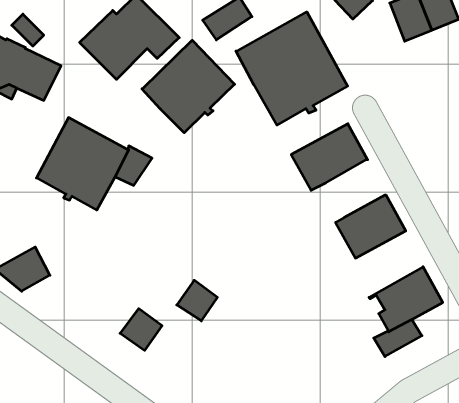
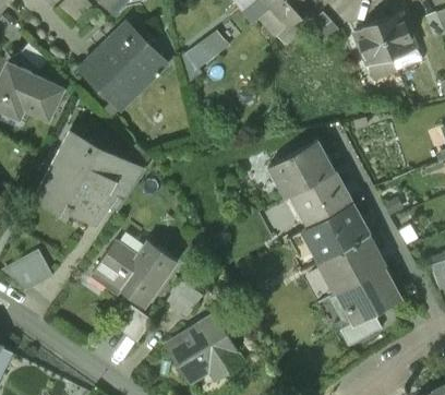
building: [236,12,348,125] -> none
building: [142,40,235,133] -> none
building: none -> [297,173,349,225]
building: none -> [318,237,385,296]
building: none -> [92,239,178,309]
building: none -> [166,315,242,381]

